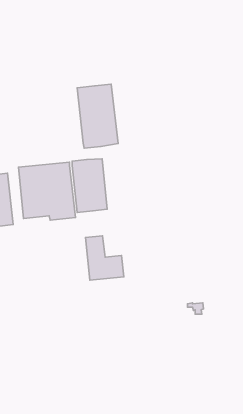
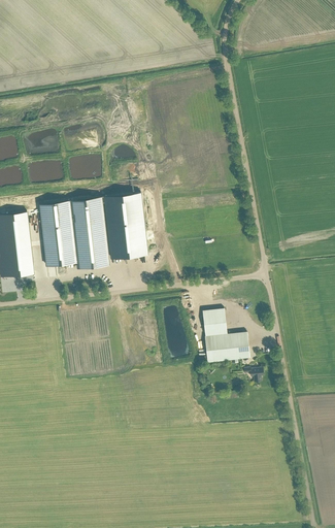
building: [77,84,118,148] -> none
building: [86,236,124,280] -> [202,308,248,362]

